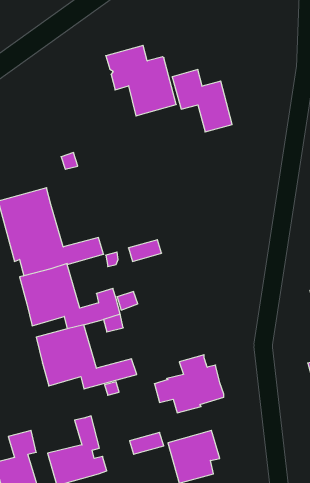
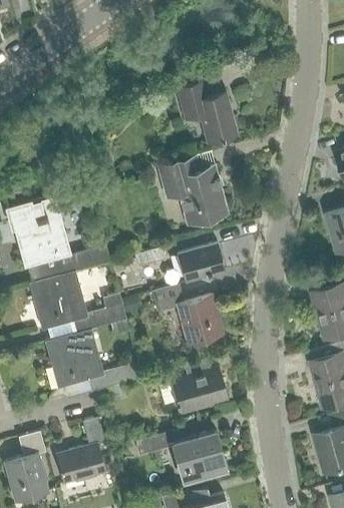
building: [106,45,176,116] -> [158,156,227,224]
building: none -> [178,243,226,282]
building: none -> [151,285,222,345]

